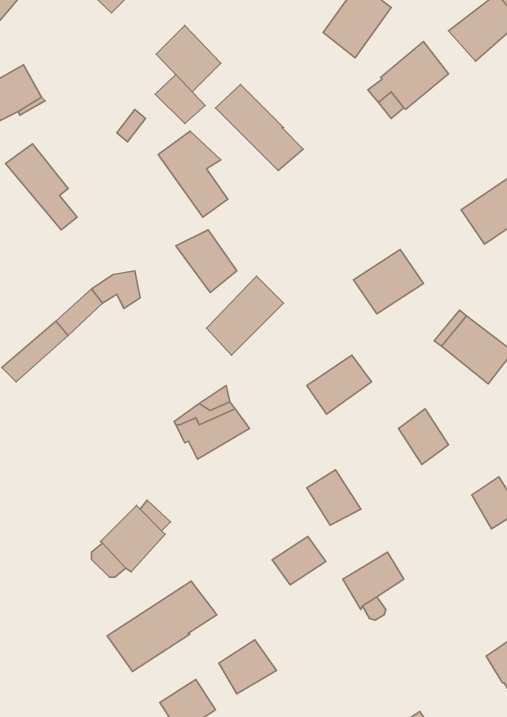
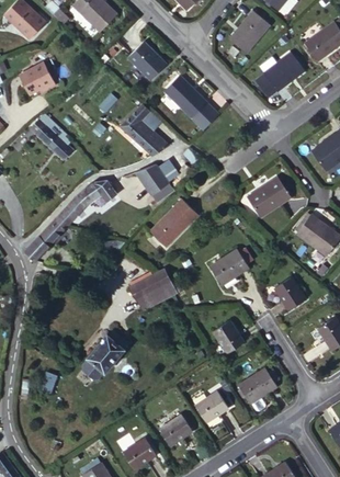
building: [155,75,205,124] -> none
building: [272,537,326,585] -> [199,393,231,422]
building: [107,581,217,672] -> none

